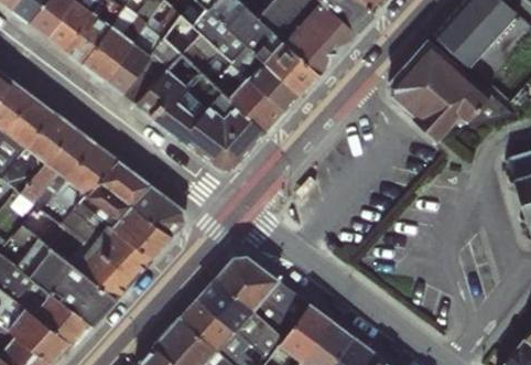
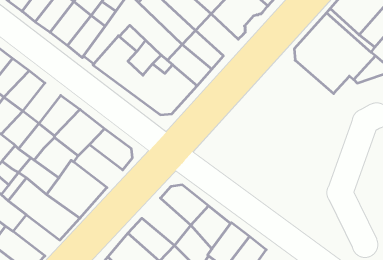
building: [264,41,318,94] -> none
building: [47,128,95,179] -> none
building: [111,205,173,259] -> none
building: [197,272,259,332] -> none
building: [35,293,94,345] -> none

